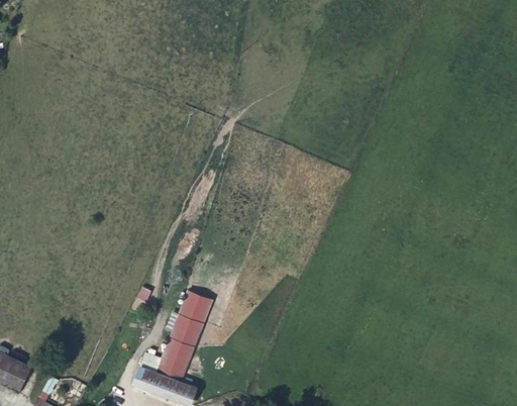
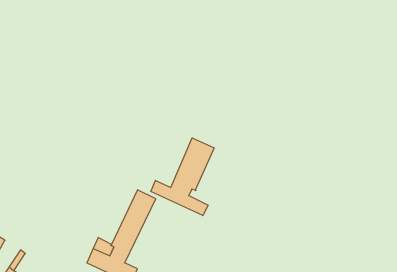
building: none -> [151,138,214,216]

